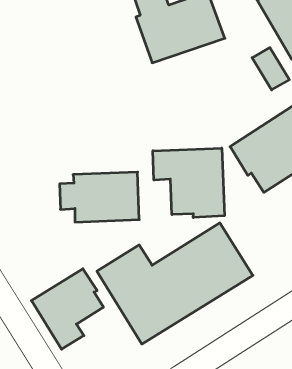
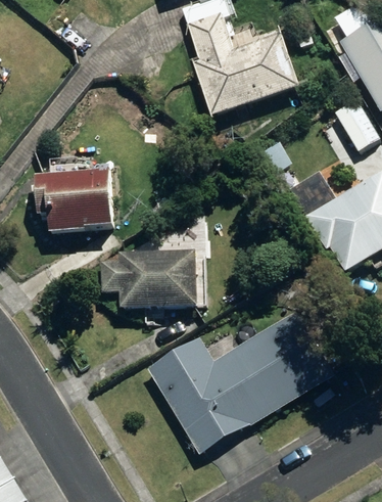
building: none -> [35,170,115,233]
building: [153,148,224,218] -> none
building: [31,269,103,349] -> none

